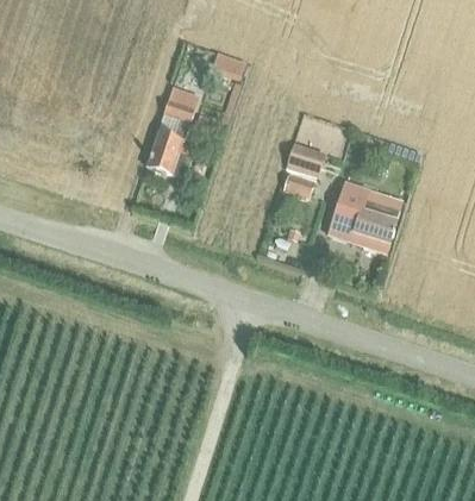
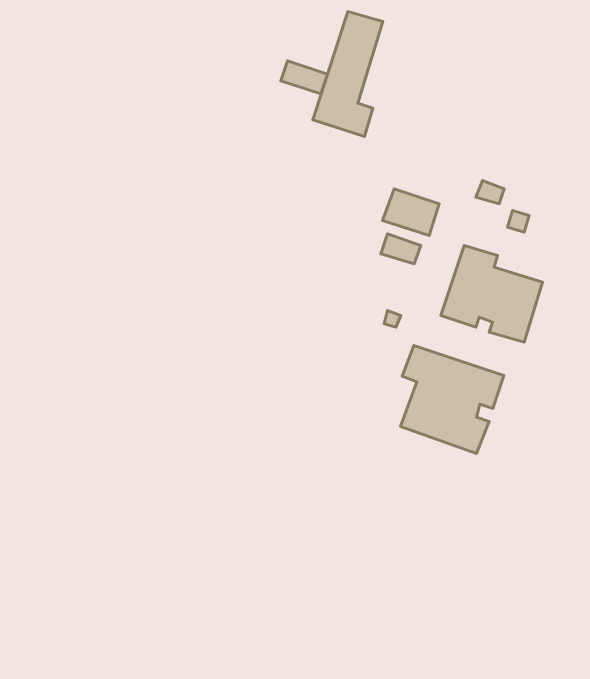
building: [148,88,198,177] -> [313,12,383,136]
building: none -> [400,346,504,453]

